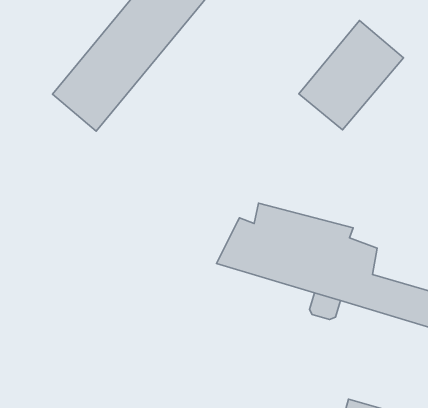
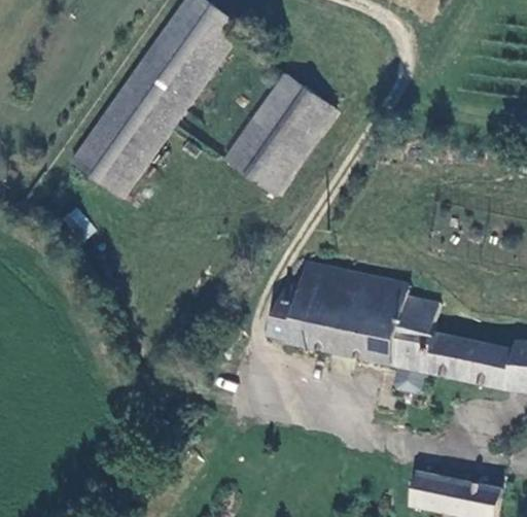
building: [299,21,403,130] -> [223,74,335,195]

